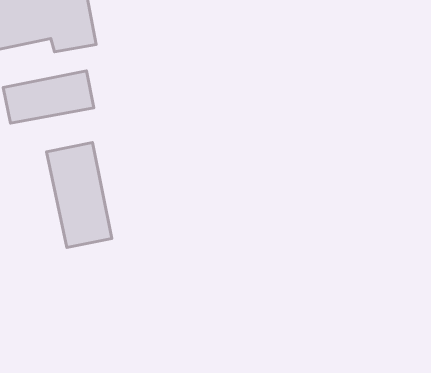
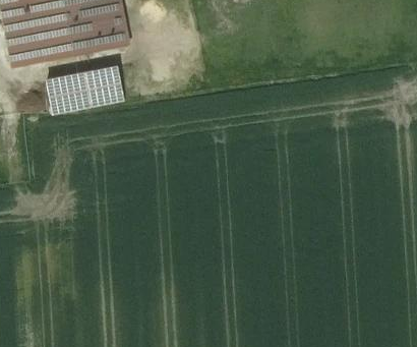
building: [46,142,112,247] -> none

